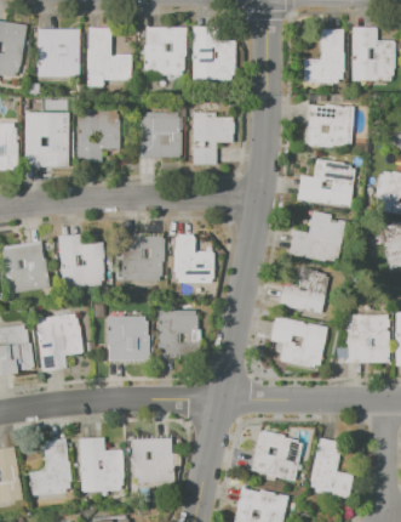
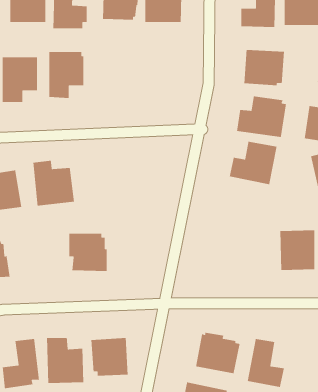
building: [144,112,187,157] -> none
building: [191,112,231,164] -> none
building: [122,236,162,279] -> none
building: [172,236,212,280] -> none
building: [277,269,328,313] -> none
building: [39,314,81,370] -> none
building: [159,314,197,354] -> none
building: [270,317,326,368] -> none

